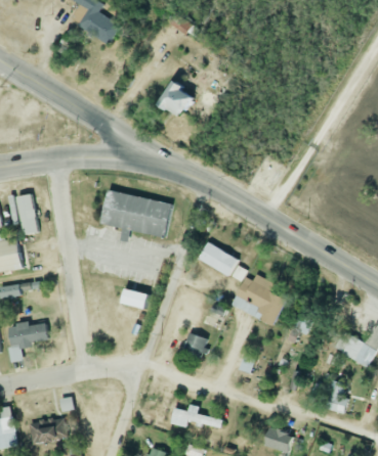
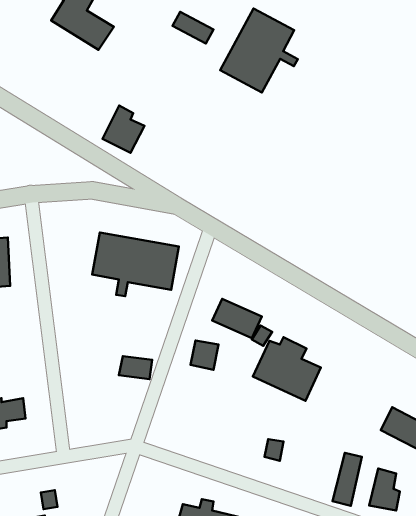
building: none -> [220,8,298,93]
building: [162,80,196,118] -> [103,106,145,153]
building: [183,333,206,357] -> [190,341,219,370]
building: none -> [332,453,362,506]

